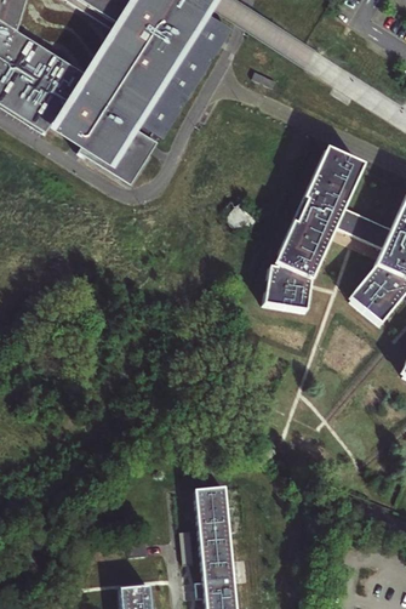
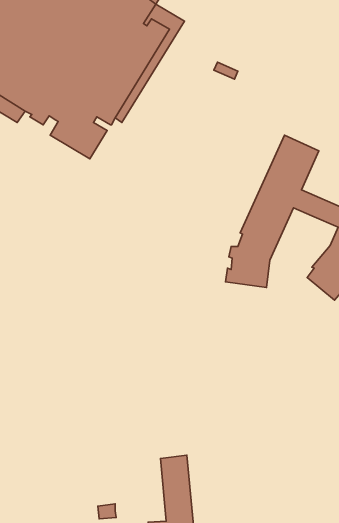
building: [72,127,150,183] -> none

